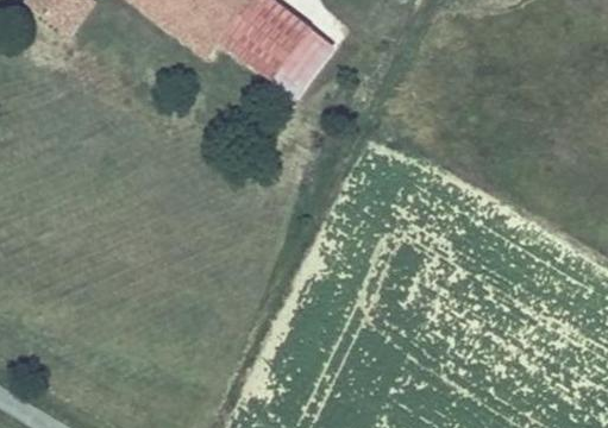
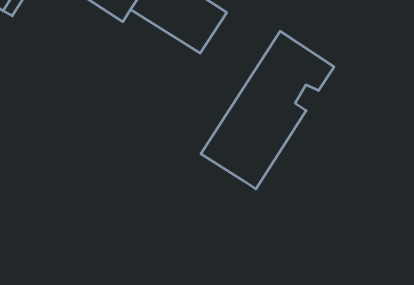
building: none -> [201,31,334,189]

